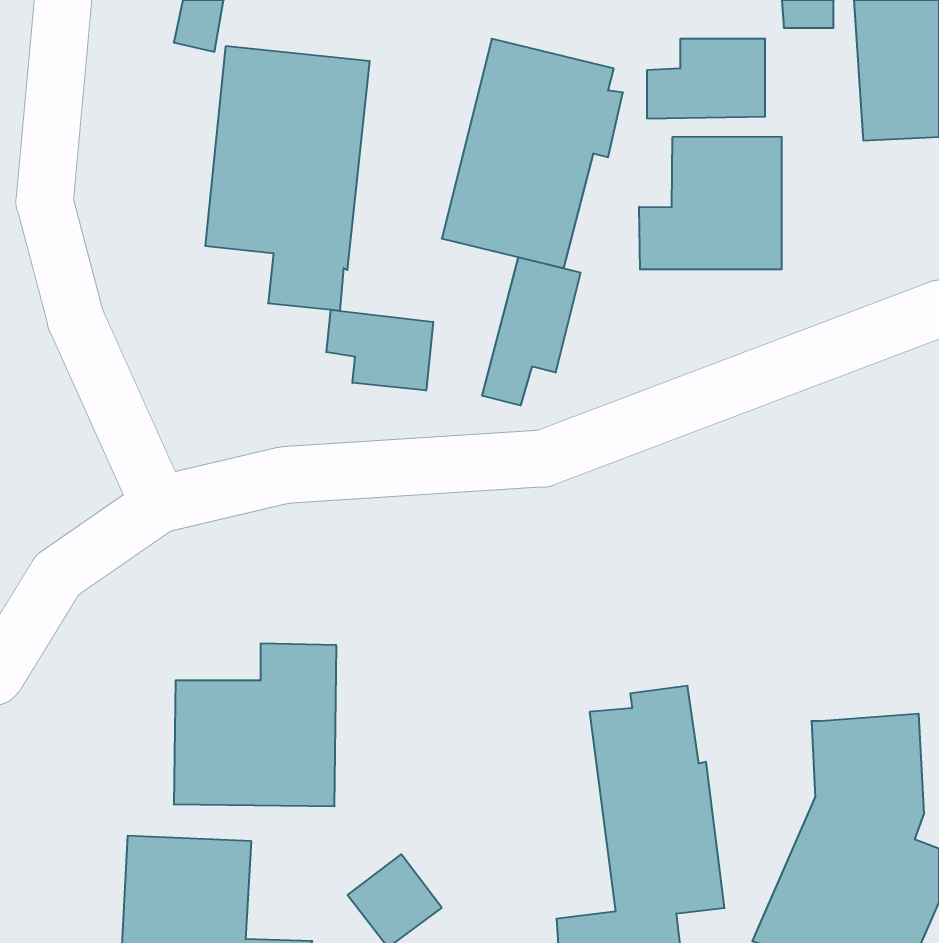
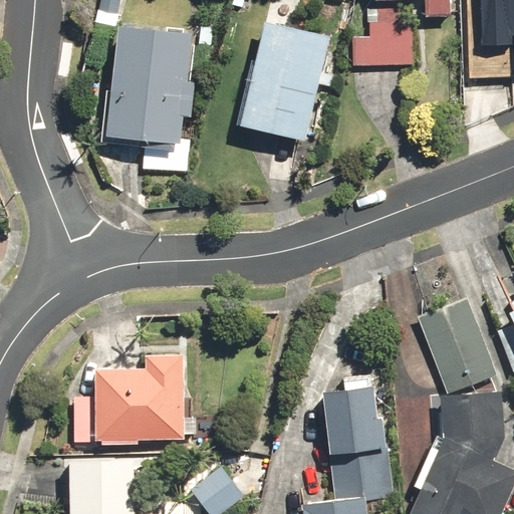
building: [639,137,782,269] -> none
building: [482,257,581,405] -> none
building: [326,310,433,391] -> none
building: none -> [415,294,493,392]

